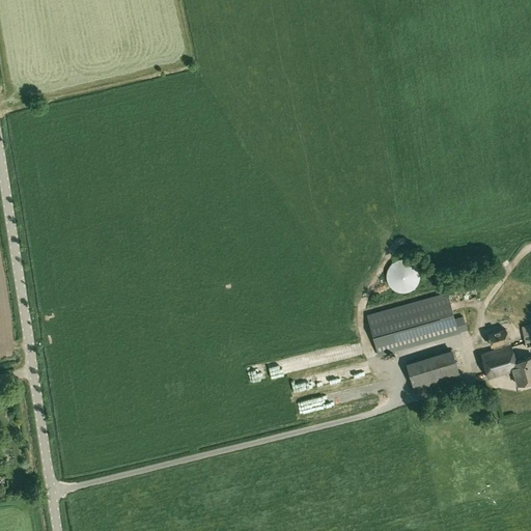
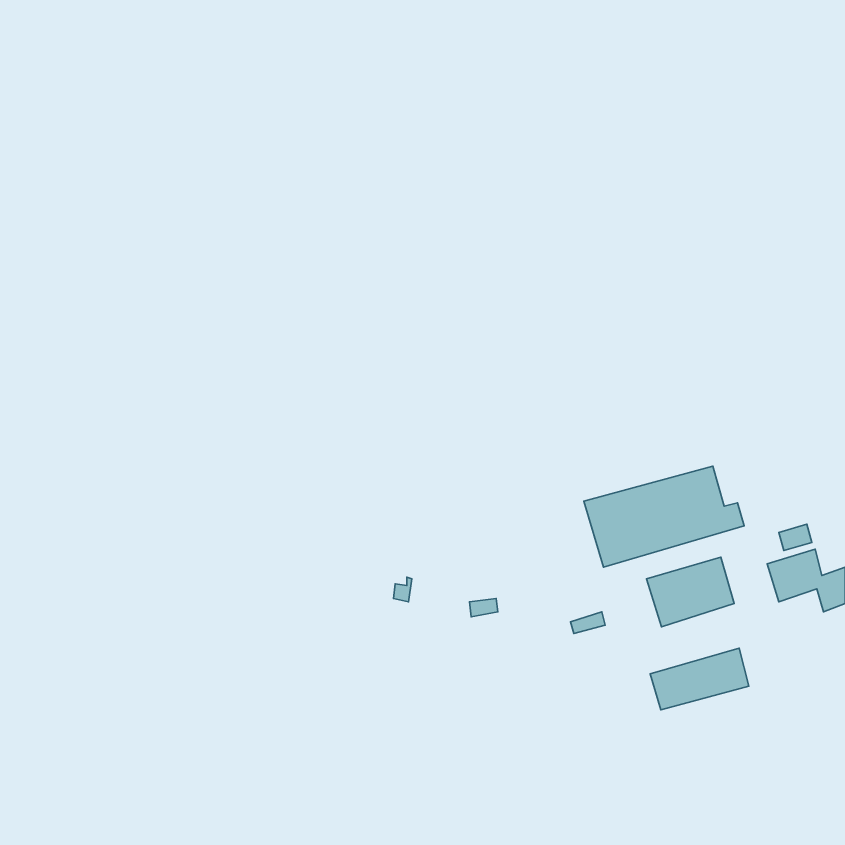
building: [387,259,419,292] -> none
building: none -> [650,648,749,710]

